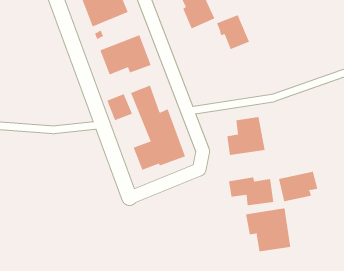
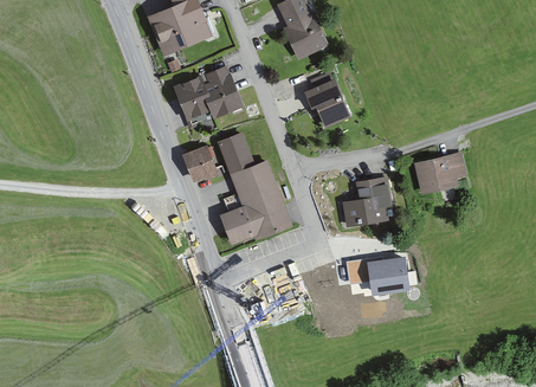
building: [216,14,250,50] -> [305,79,350,127]
building: [278,171,318,202] -> [413,151,466,193]
building: [246,208,291,252] -> none

